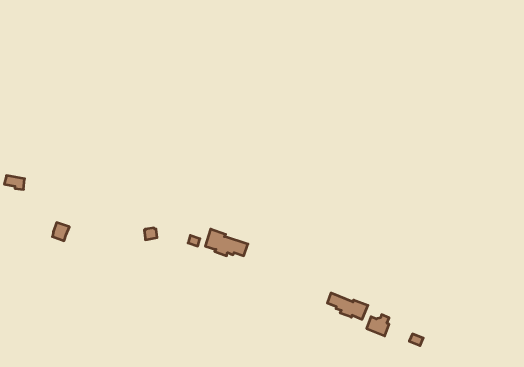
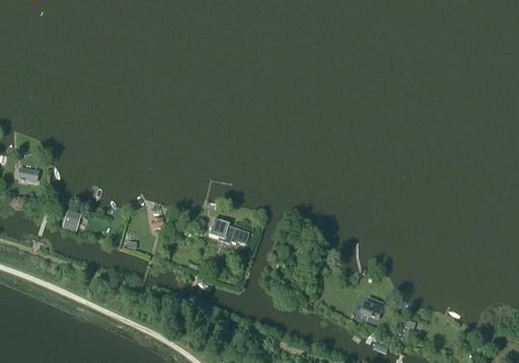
building: [327,293,368,319] -> none

